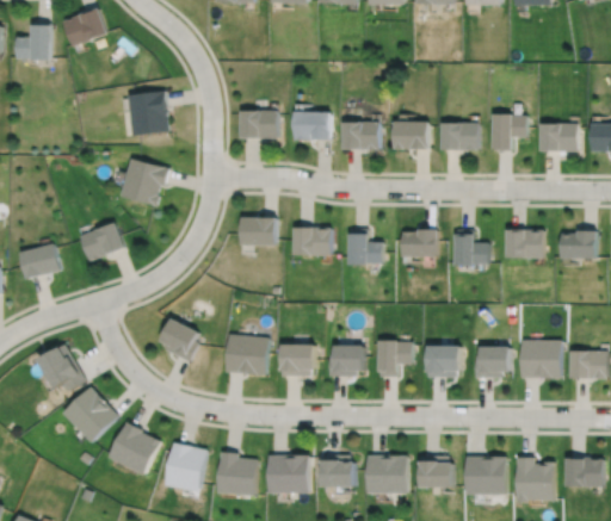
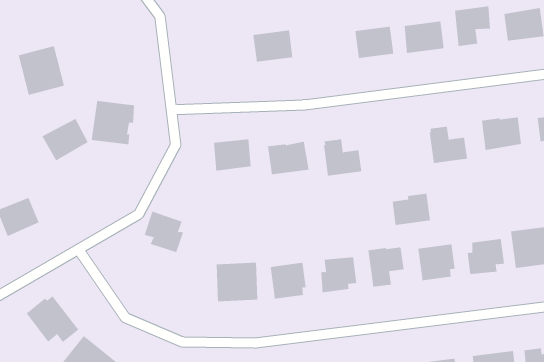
building: [128,91,169,136] -> [18,46,65,95]
building: [240,113,277,141] -> none
building: [341,124,379,153] -> none
building: [79,223,124,262] -> [41,118,89,161]
building: [401,228,437,255] -> [392,193,431,225]
building: [158,317,197,361] -> [144,211,184,253]

